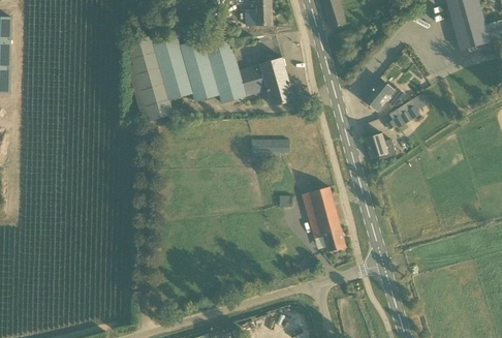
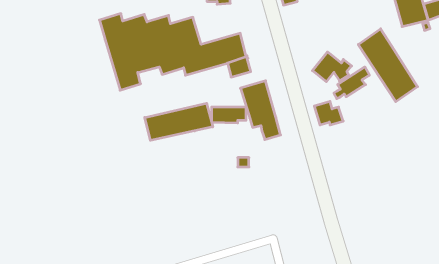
building: none -> [358,29,418,102]
building: none -> [145,103,213,140]
building: [301,186,345,251] -> [240,81,281,140]

